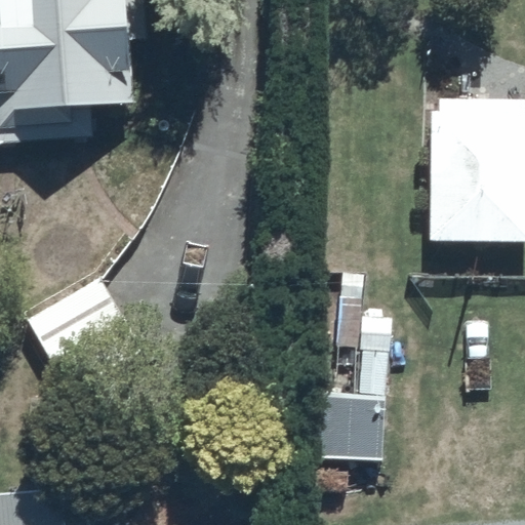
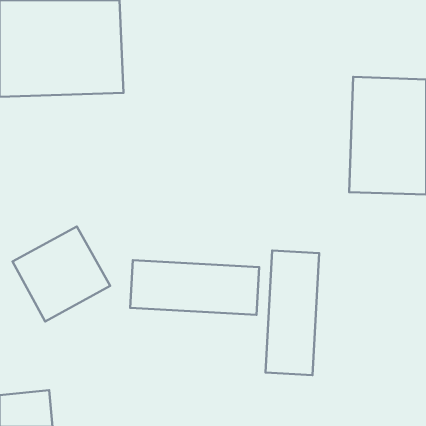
building: none -> [130,260,259,315]

